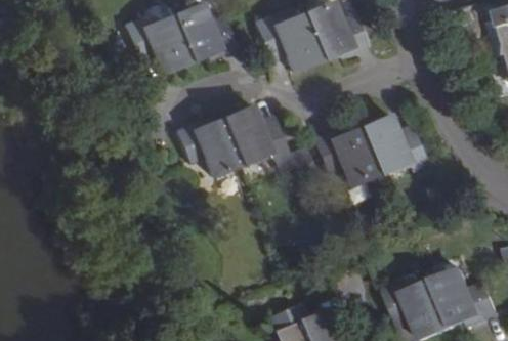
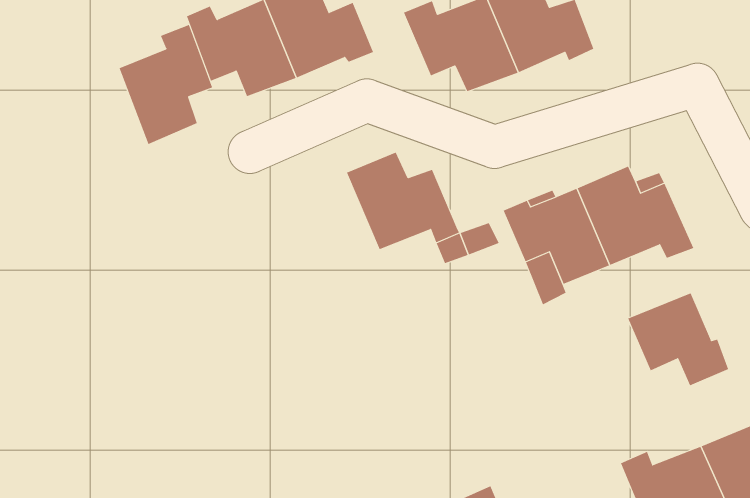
building: none -> [119,24,213,145]
building: [174,119,239,176] -> none
building: none -> [628,293,729,386]

